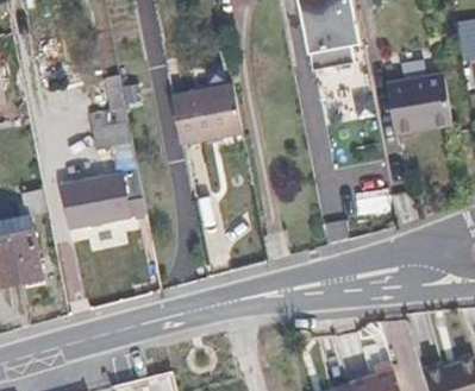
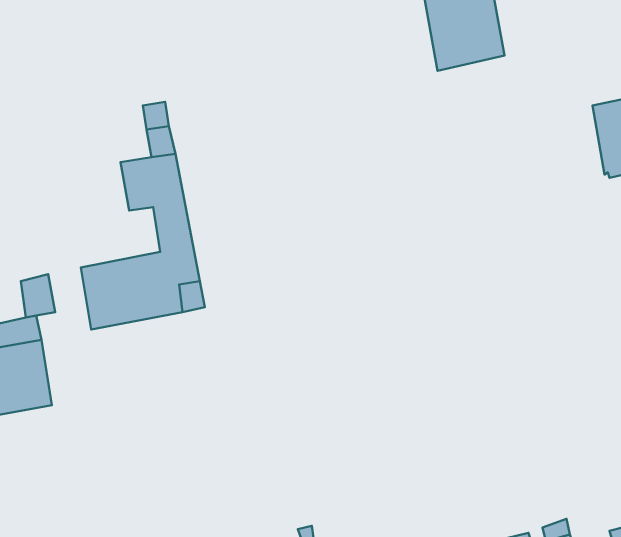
building: [385,77,424,133] -> none
building: [171,80,242,146] -> none

